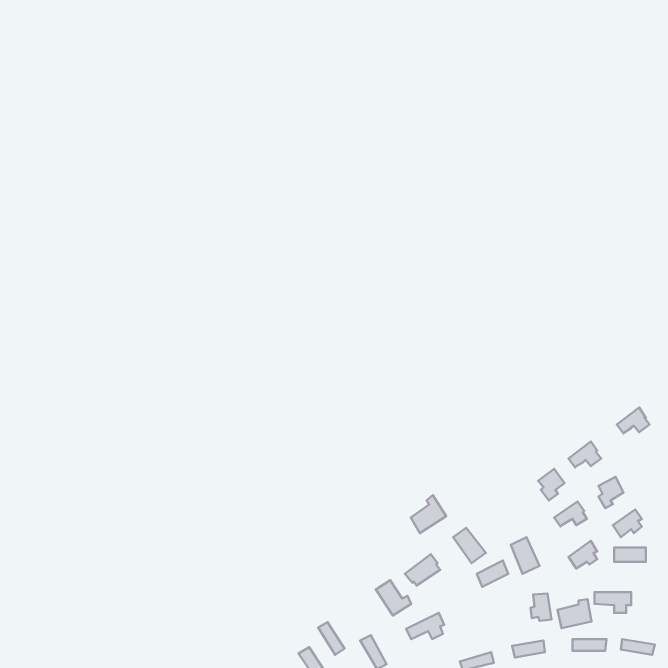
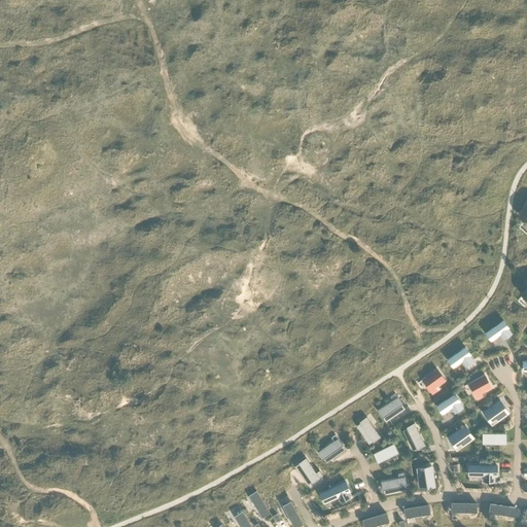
building: [411,495,446,533] -> [379,392,407,422]
building: [557,599,592,628] -> [382,471,409,494]

